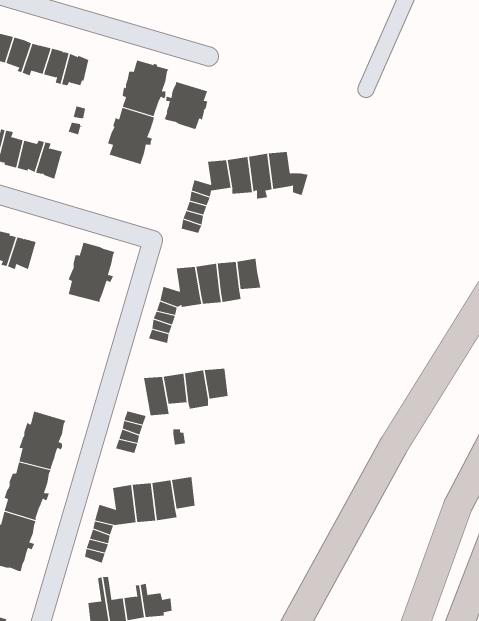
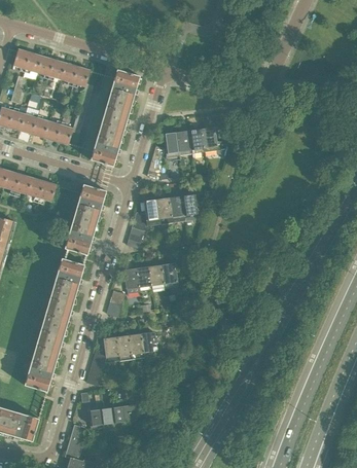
building: [164,81,208,130] -> none
building: none -> [92,130,121,166]
building: none -> [66,217,96,254]
building: none -> [53,258,83,296]

